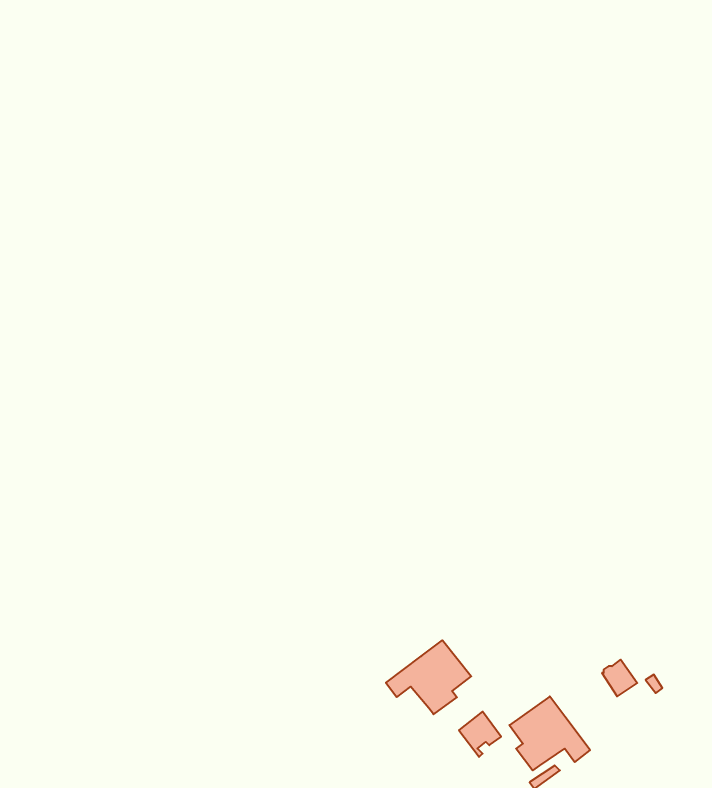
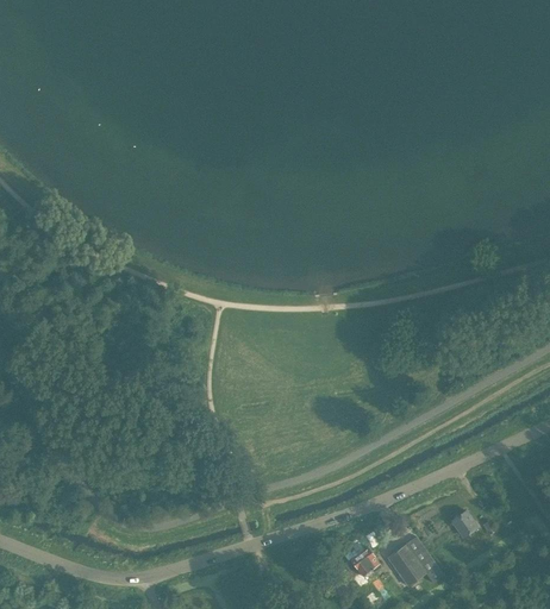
building: [386,640,471,714] -> none

